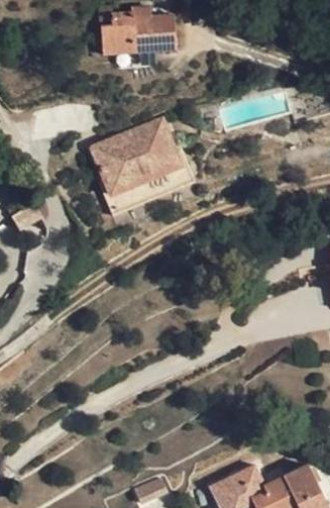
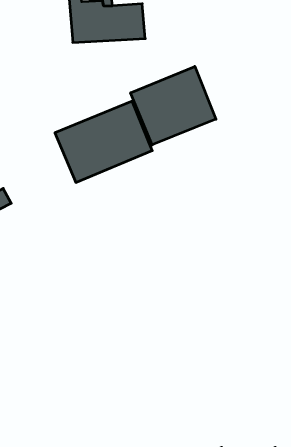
building: none -> [131,66,216,145]

